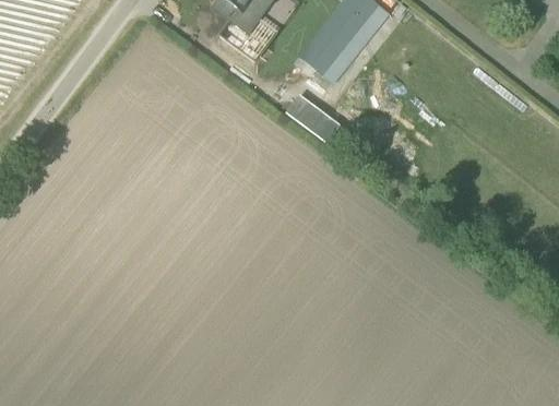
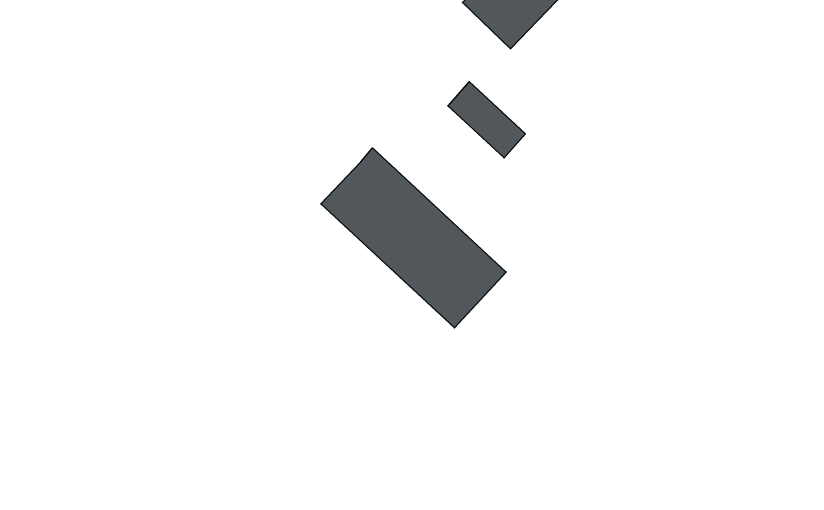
building: none -> [321,148,506,328]

